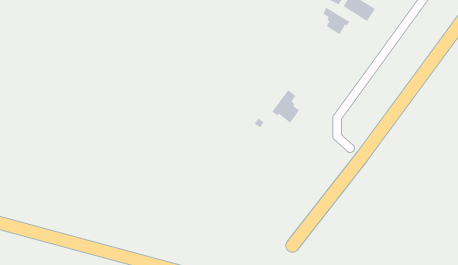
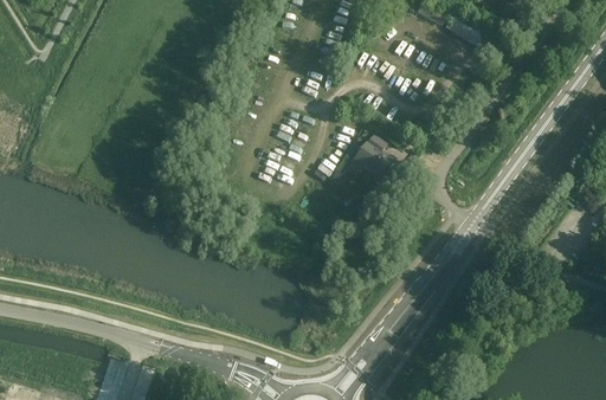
building: [322,7,350,35] -> none

